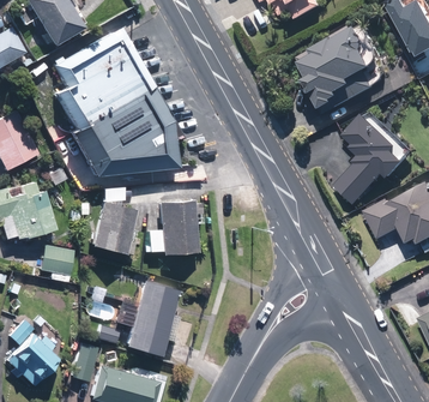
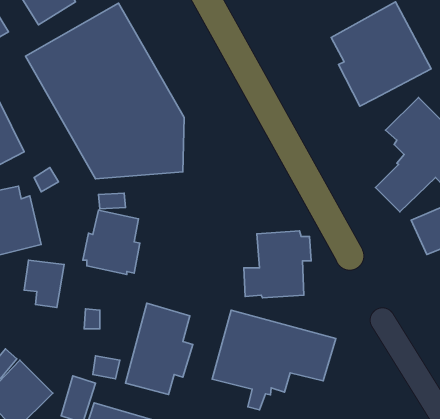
building: [144,199,200,256] -> [244,231,311,298]
building: none -> [212,310,336,410]

